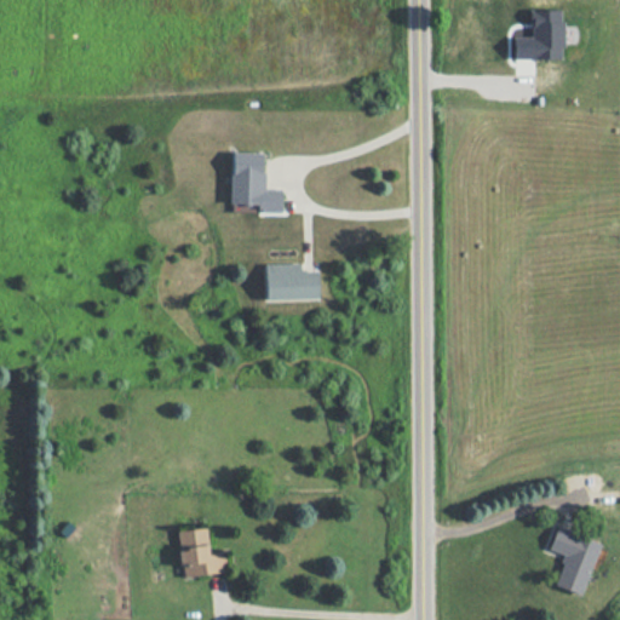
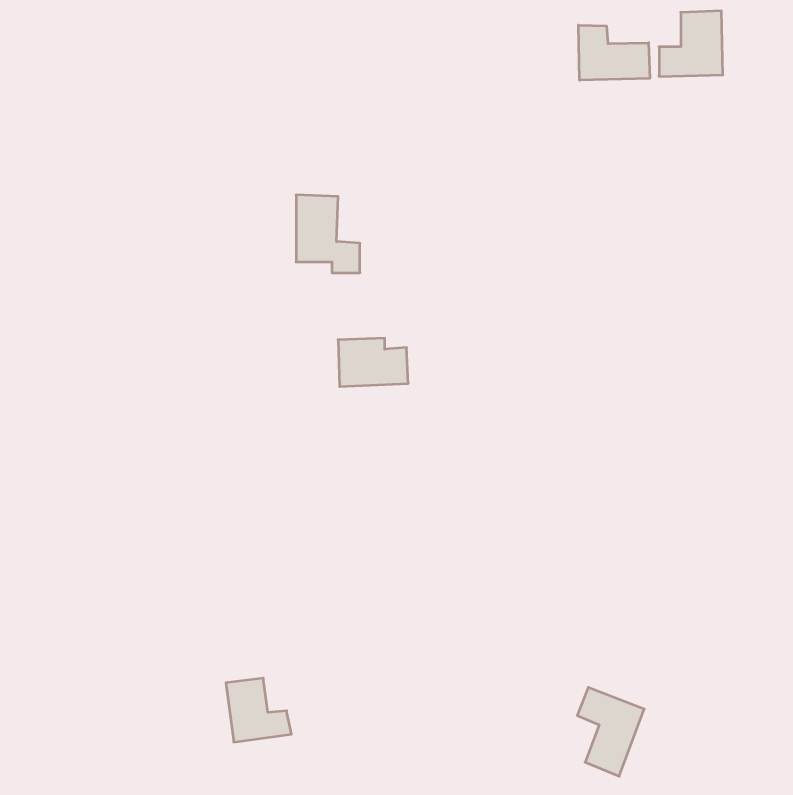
building: none -> [578,25,650,80]
building: [550,528,602,597] -> [577,687,644,776]

